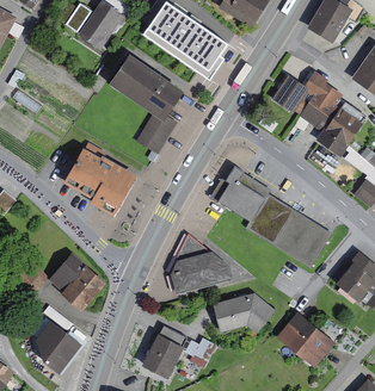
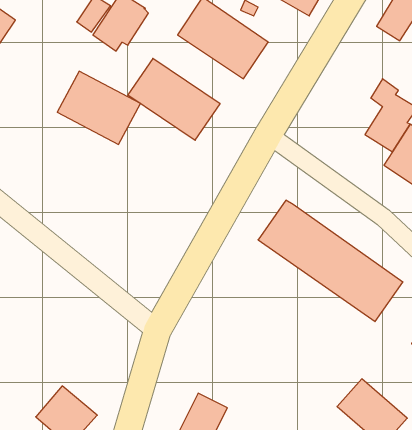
building: [271,74,314,114] -> none
building: [131,114,171,155] -> none
building: [68,149,136,209] -> [57,71,141,144]
building: [171,232,232,292] -> none
building: [48,255,104,310] -> none
building: [211,294,275,335] -> none

